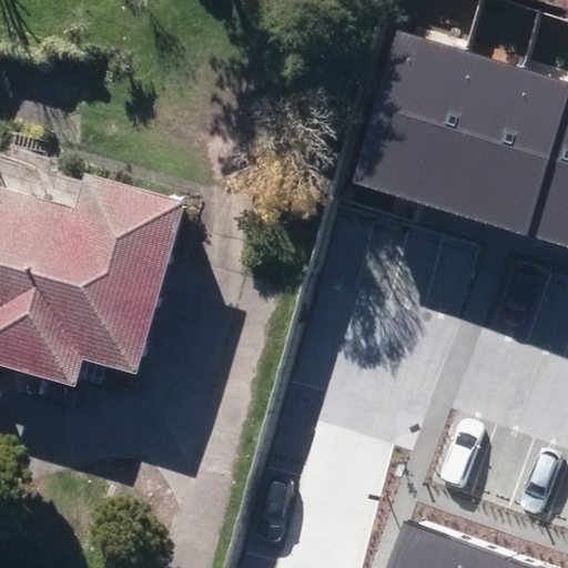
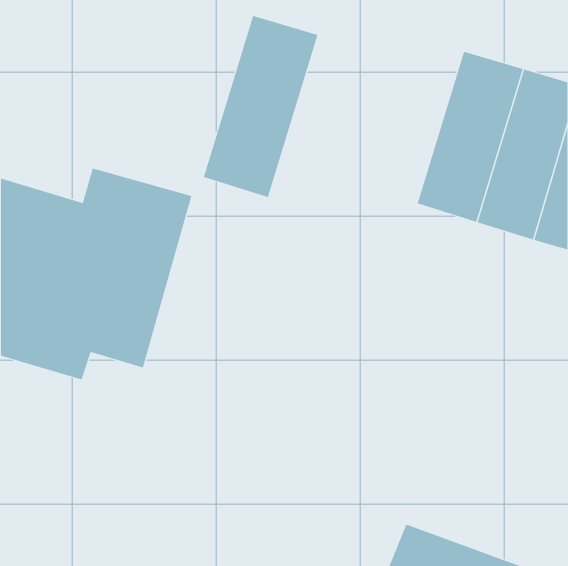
building: none -> [203,15,318,198]
building: [349,33,463,205] -> none

